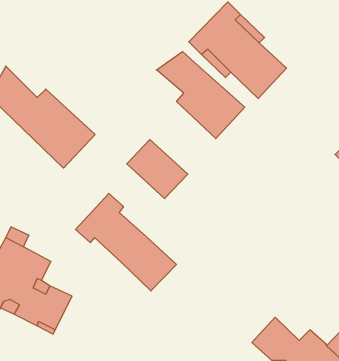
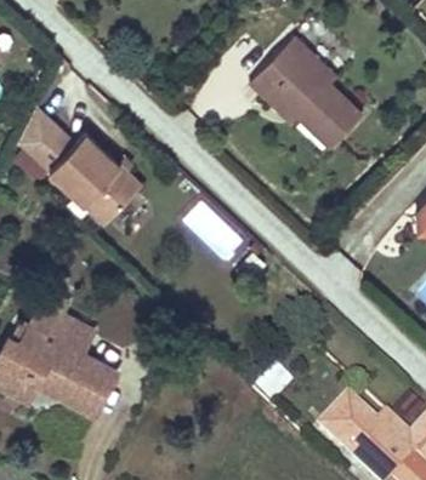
building: [156,52,245,139] -> none
building: [76,193,176,291] -> none

